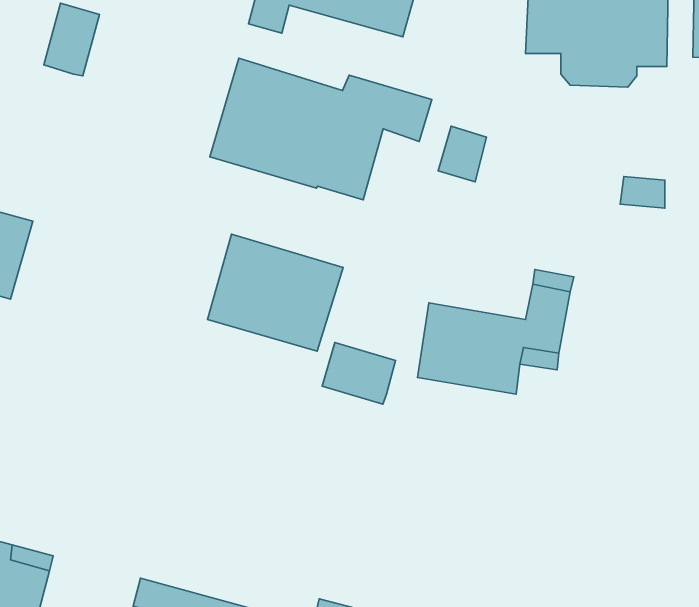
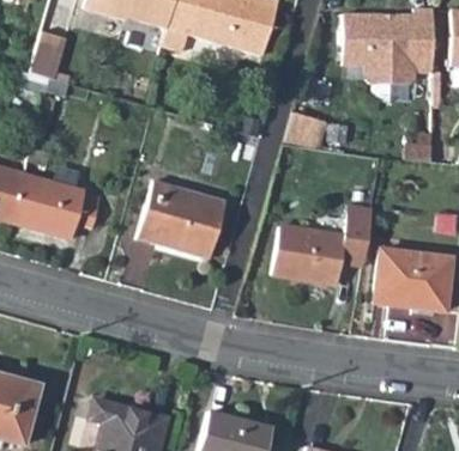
building: [210,58,432,200] -> none
building: none -> [11,171,102,238]
building: none -> [374,248,449,311]
building: [322,342,396,404] -> none

